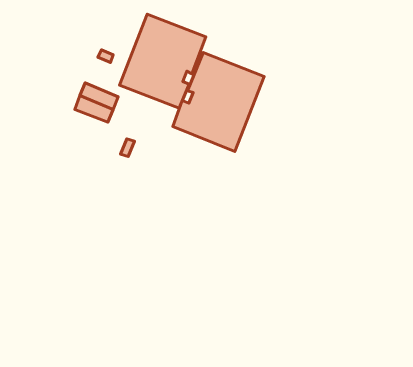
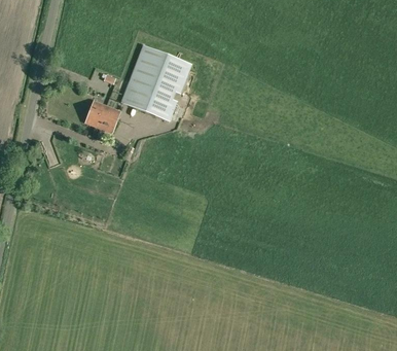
building: [173,52,264,151] -> none

